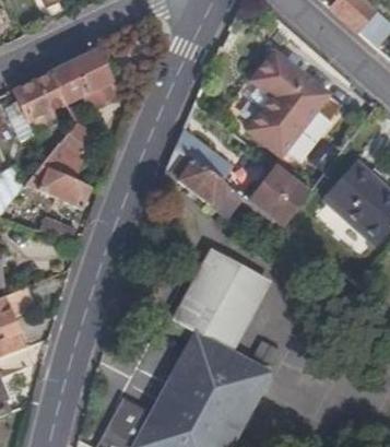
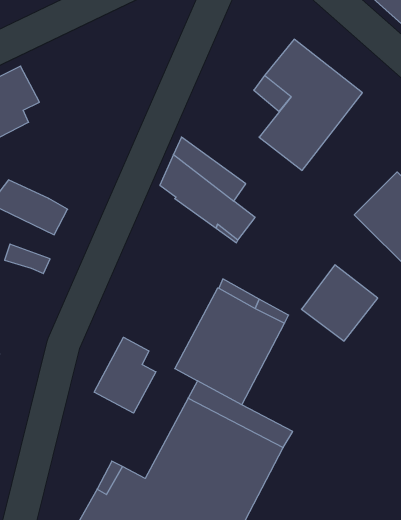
building: [51,52,116,106] -> none
building: [42,126,98,180] -> none
building: [248,164,310,226] -> [301,265,378,341]
building: none -> [94,337,156,413]

